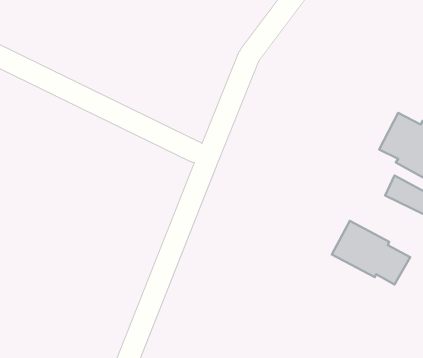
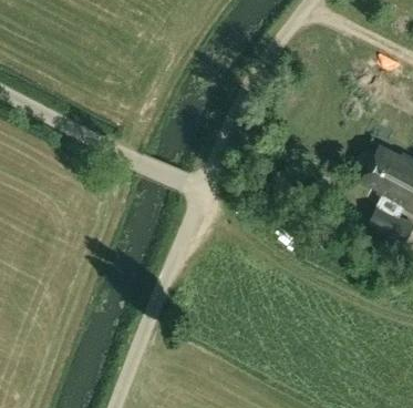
building: [332,221,410,285] -> none

